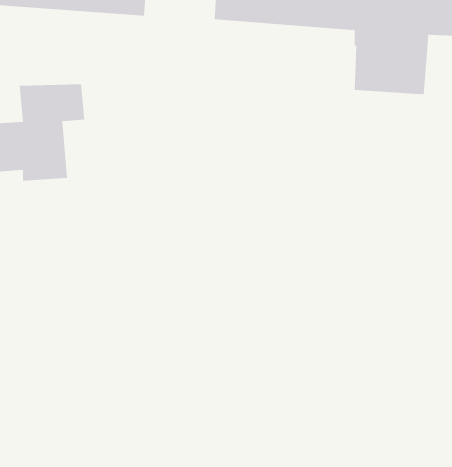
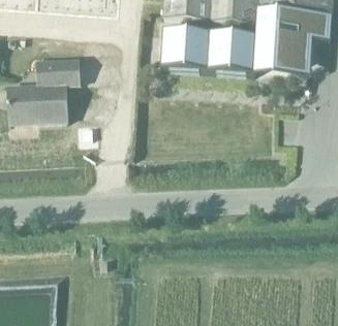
building: none -> [161,27,257,72]

